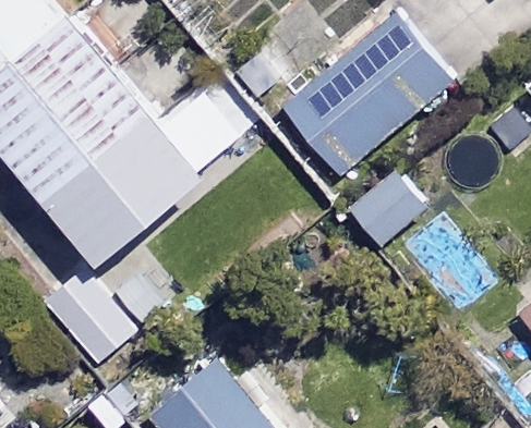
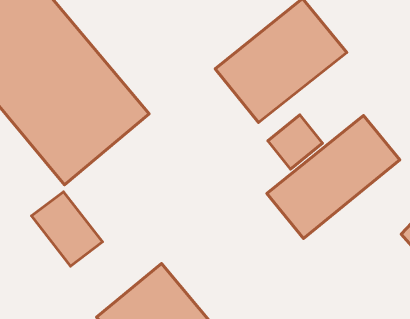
building: none -> [267,115,400,239]

